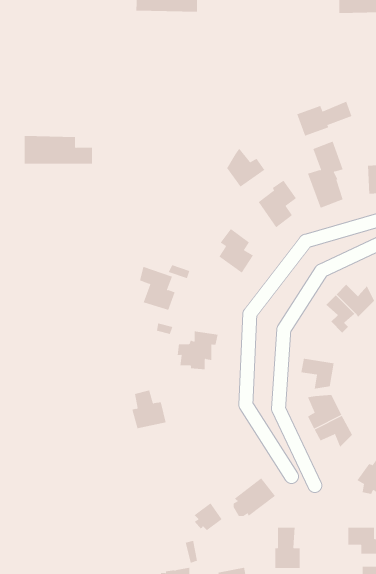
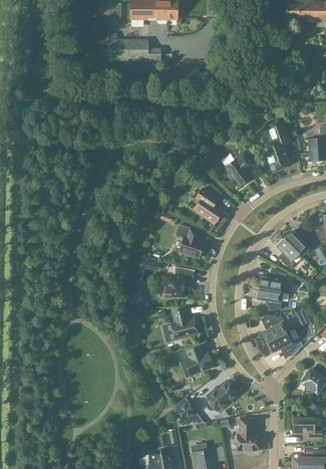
building: [297,101,352,136] -> none
building: [24,136,93,164] -> [108,38,161,60]
building: [227,148,265,188] -> none
building: [139,266,175,310] -> [177,223,205,257]
building: none -> [260,267,287,291]
building: [132,390,167,429] -> [172,308,199,338]
building: none -> [178,345,214,378]

